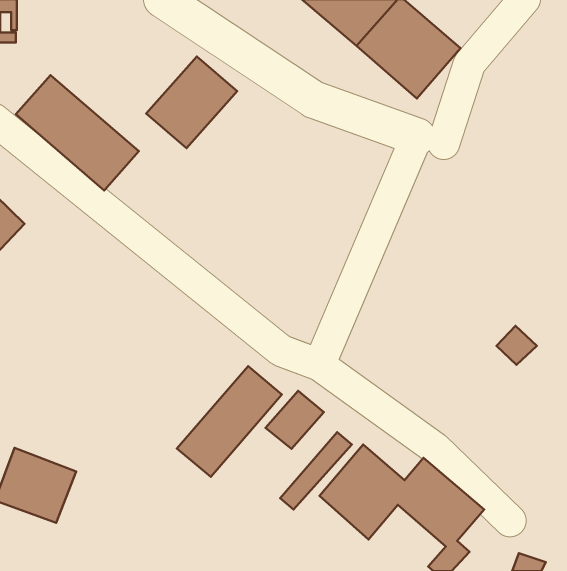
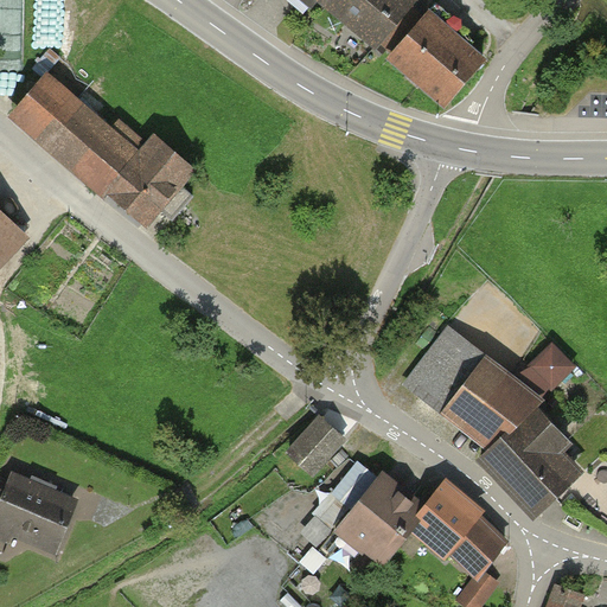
building: [146,56,237,148] -> [110,141,206,238]
building: none -> [405,337,568,511]
building: [177,366,282,477] -> none

